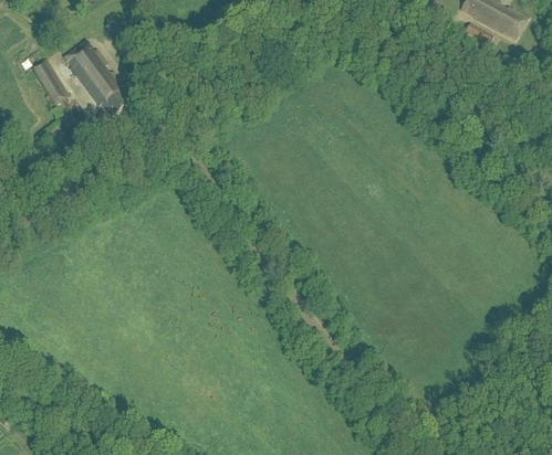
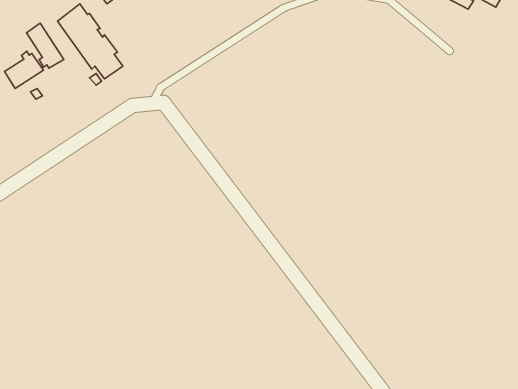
building: none -> [5,51,43,88]

